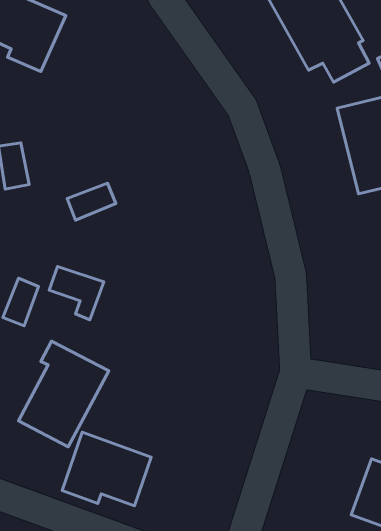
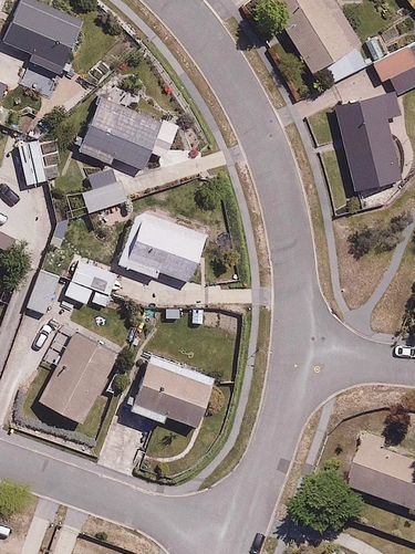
building: none -> [79,96,177,169]
building: none -> [118,211,205,282]
building: [62,432,151,506] -> [131,356,214,425]

